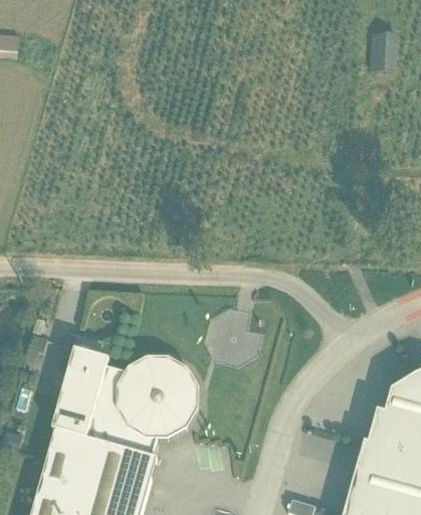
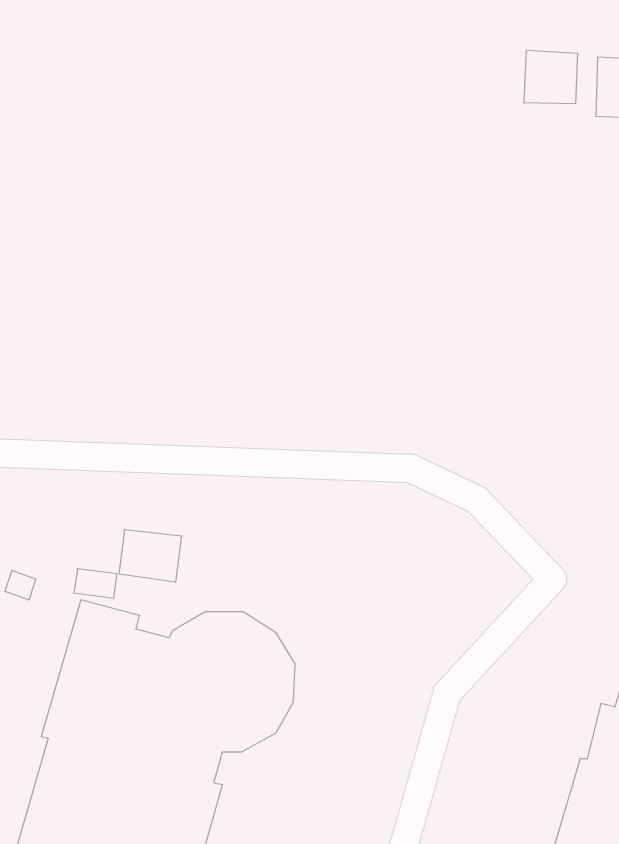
building: none -> [524,50,577,104]
building: none -> [119,529,182,582]

